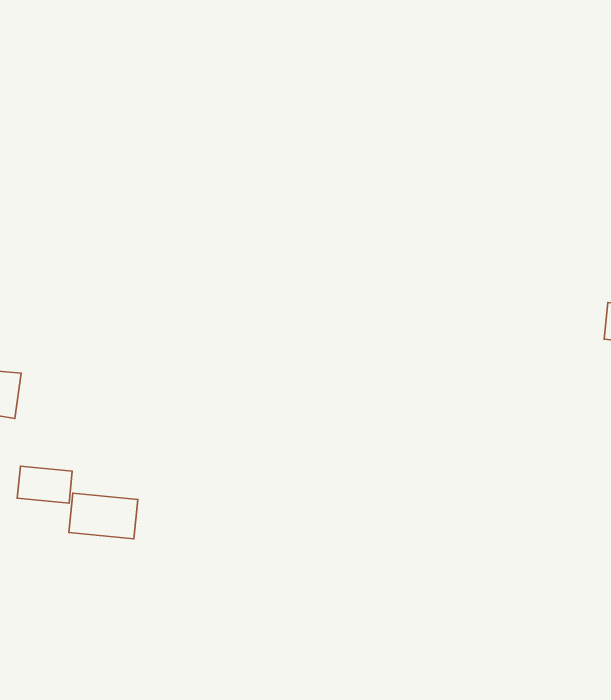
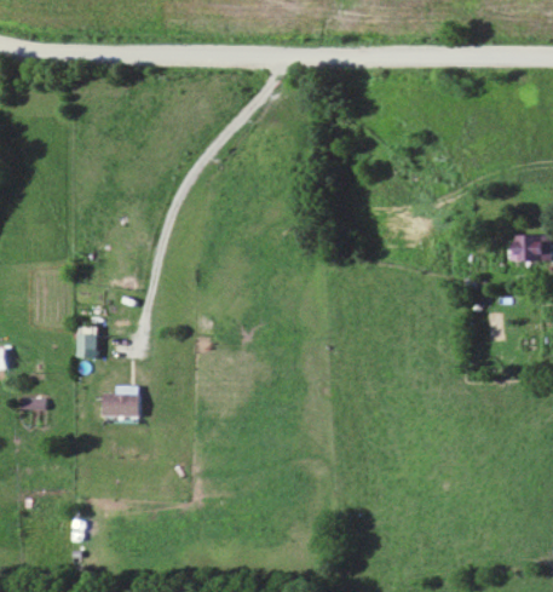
building: [69,493,138,539] -> none

